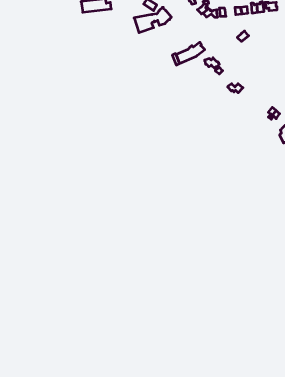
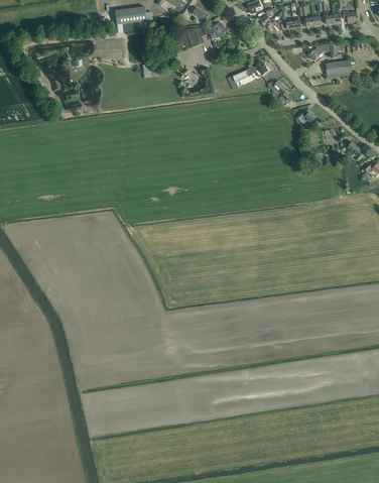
building: none -> [326,59,355,79]

